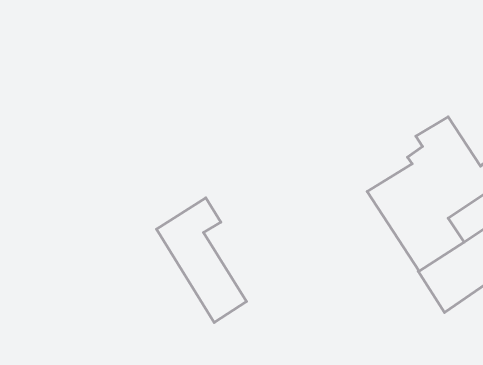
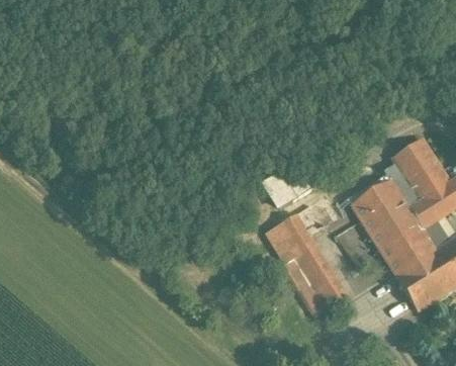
building: [156,198,246,322] -> [269,203,348,312]

